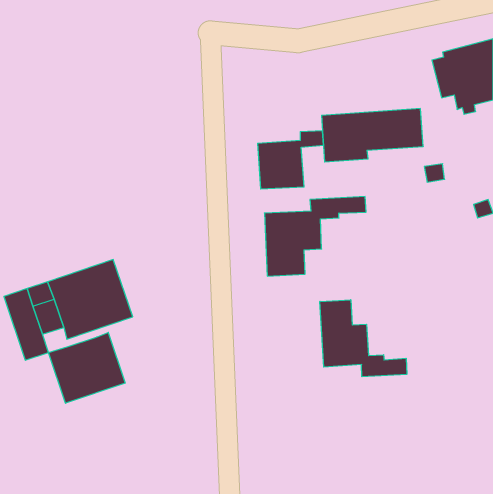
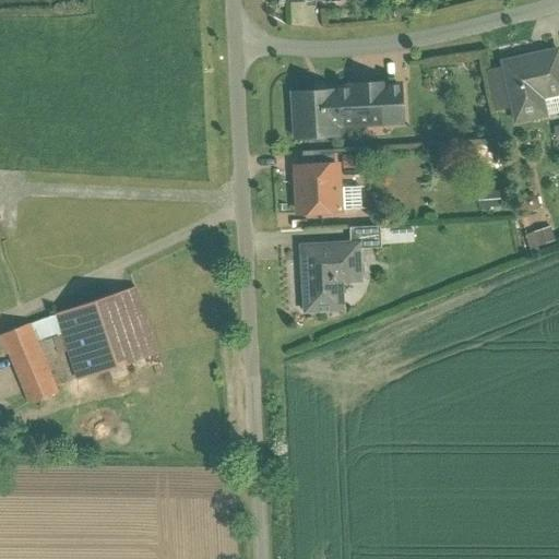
building: [322,109,423,162] -> [289,79,404,139]
building: [320,300,407,377] -> none
building: [48,332,125,403] -> none

